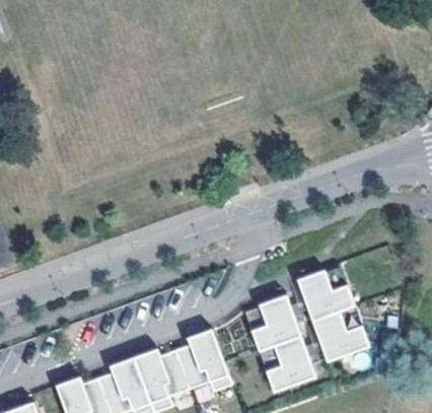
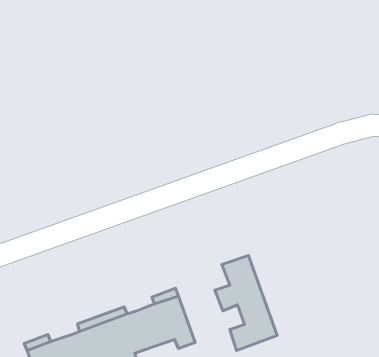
building: [297,270,368,361] -> none

